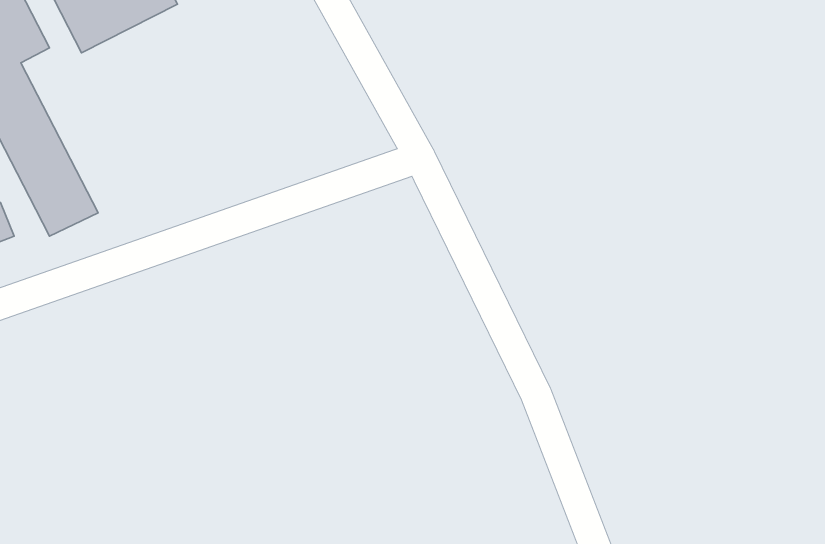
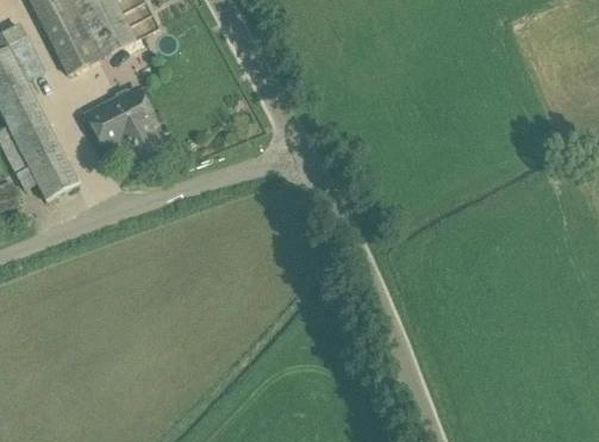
building: none -> [83,85,163,166]

